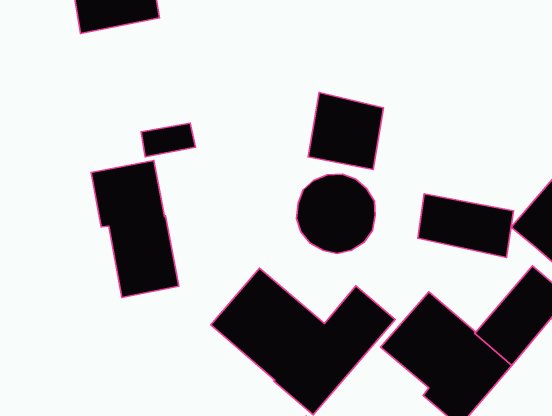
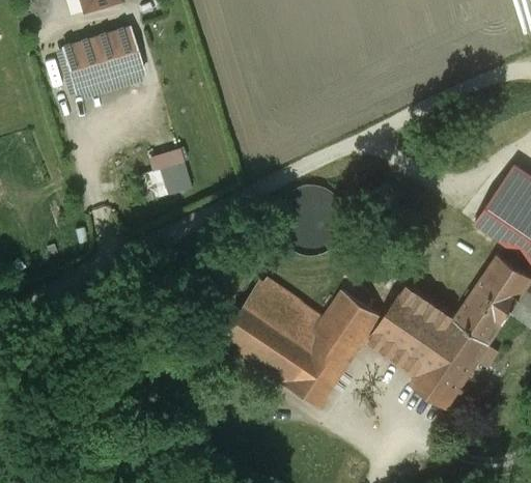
building: [308,92,383,169] -> none
building: [91,161,179,297] -> none
building: [418,194,514,257] -> none

